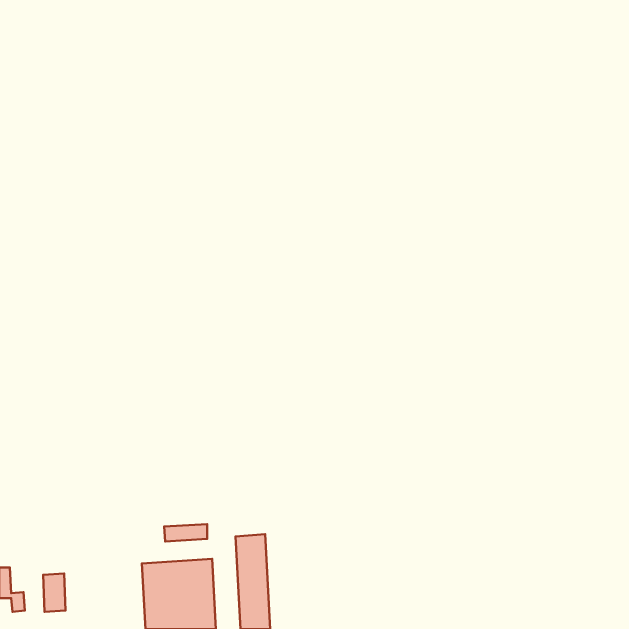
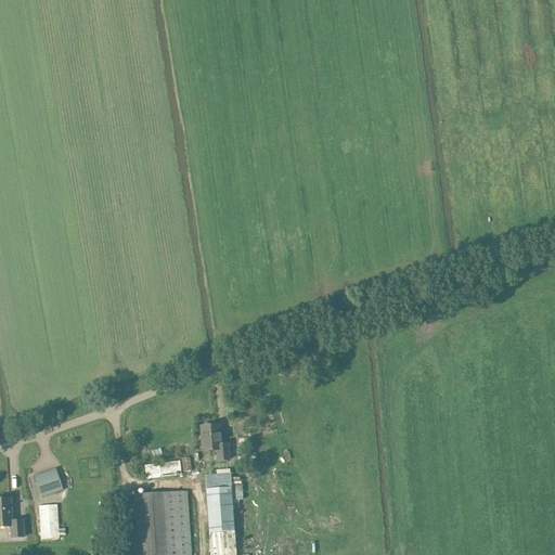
building: none -> [201,426,228,461]
building: none -> [34,468,62,496]

